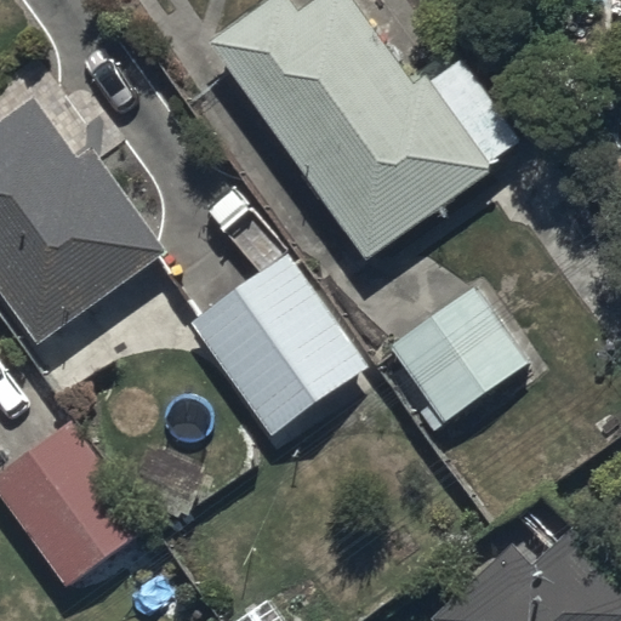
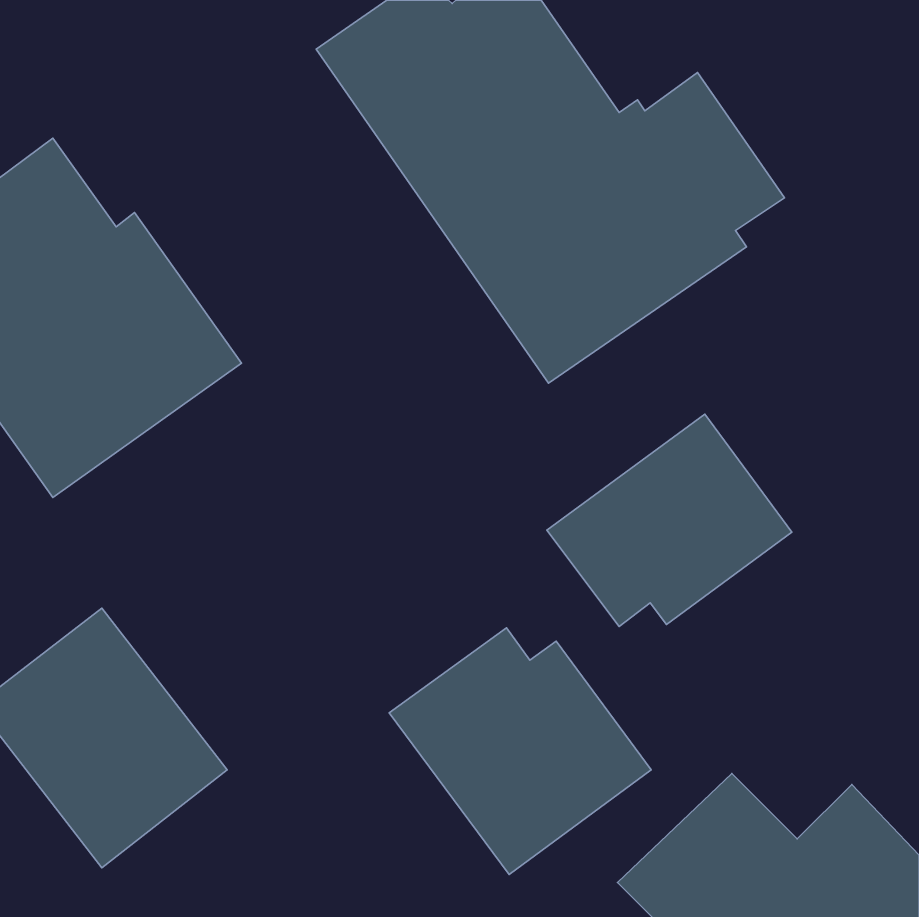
building: [188,251,369,439] -> none
building: none -> [389,628,651,875]

